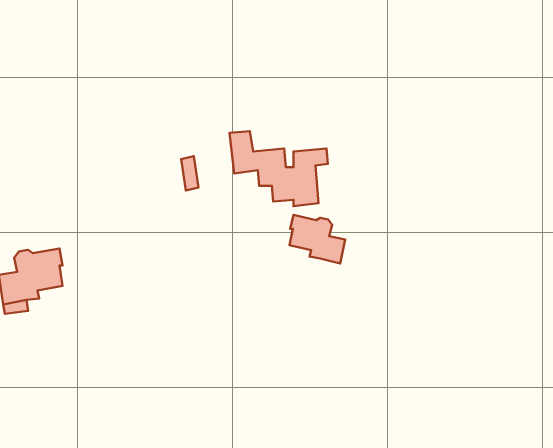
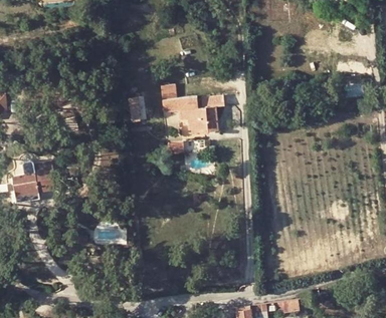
building: [290,215,345,263] -> none

